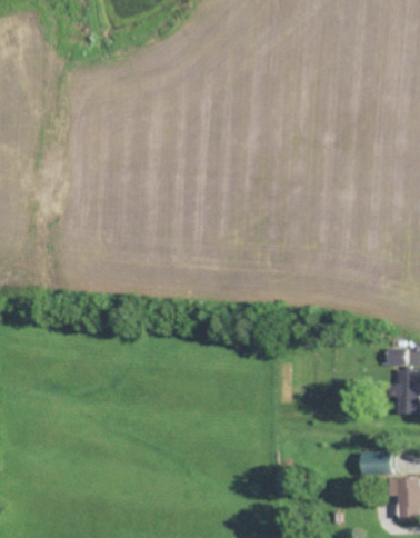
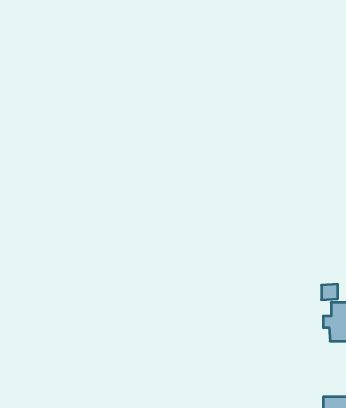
building: [361,451,392,476] -> none

